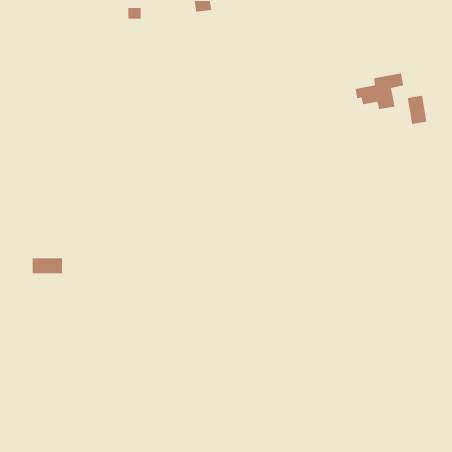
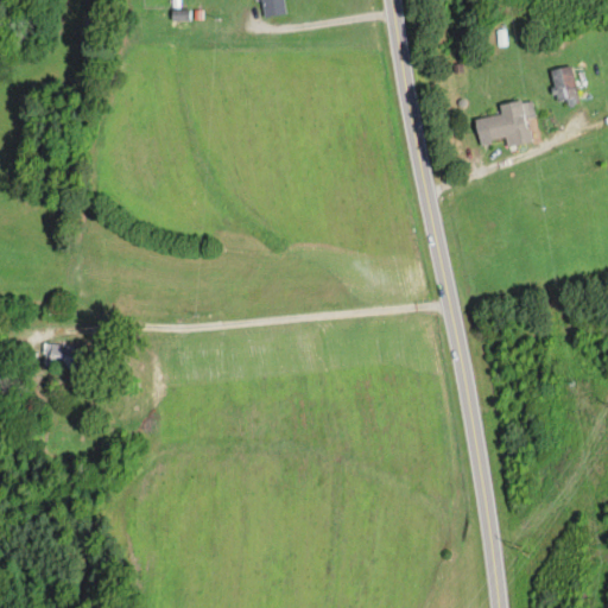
building: [407,95,427,125] -> [551,65,578,106]

